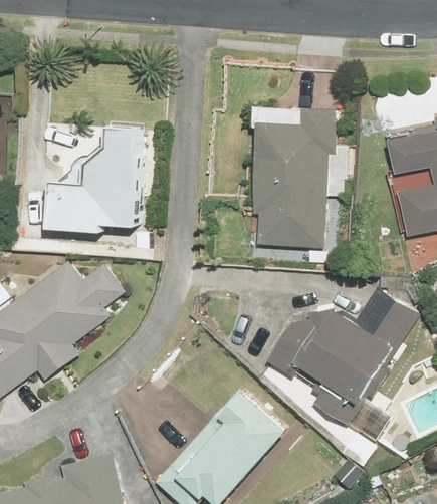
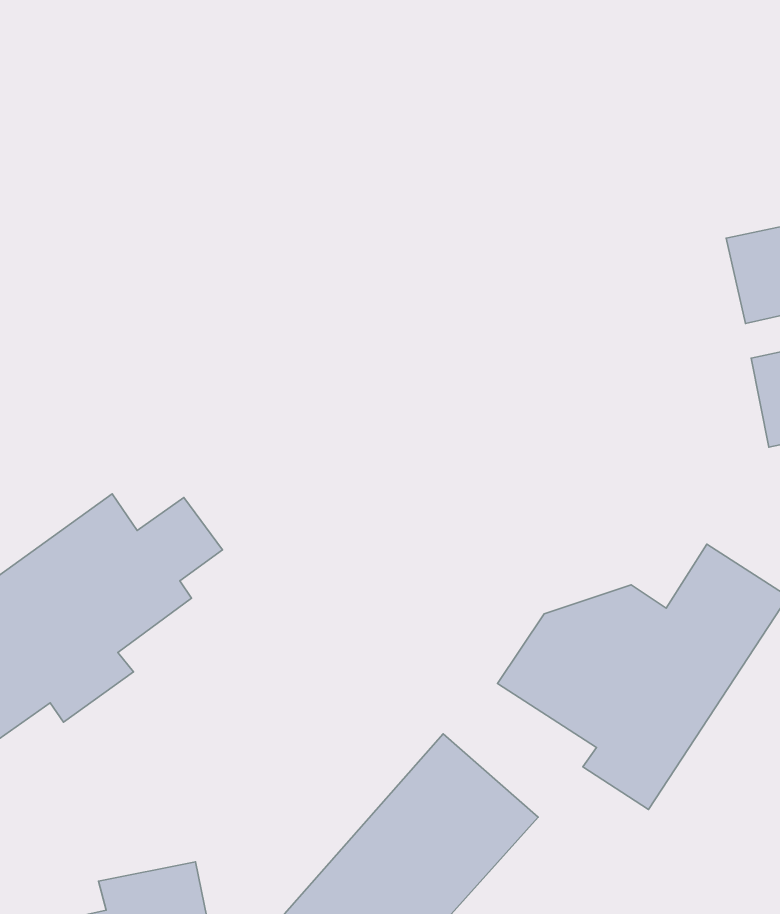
building: [251,107,335,250] -> none
building: [47,127,137,231] -> none

